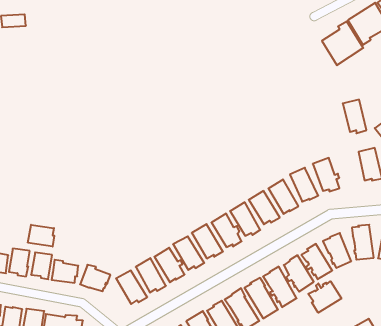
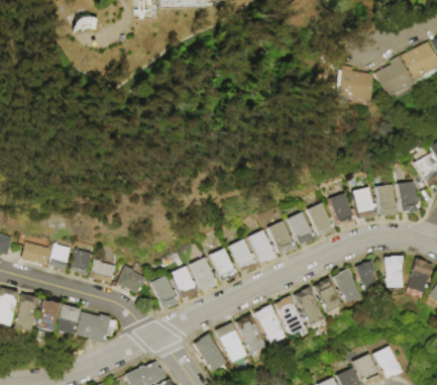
building: none -> [337,66,372,101]
building: [343,100,366,133] -> [376,185,397,217]
building: [28,225,54,247] -> none
building: [308,281,341,313] -> none

